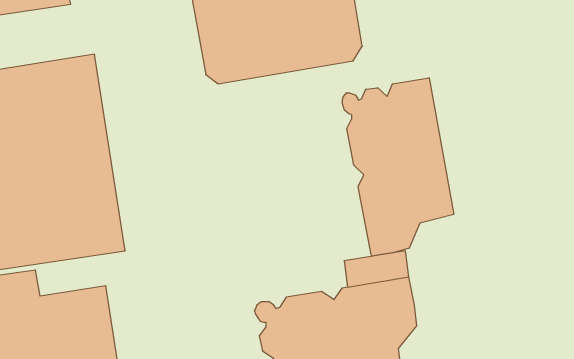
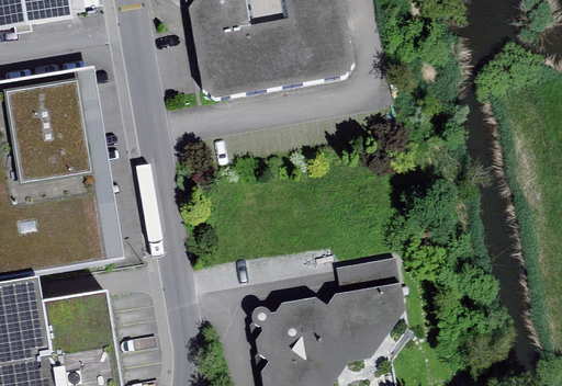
building: [342,78,454,256] -> none

